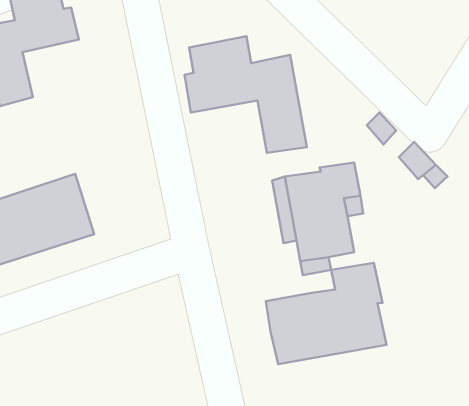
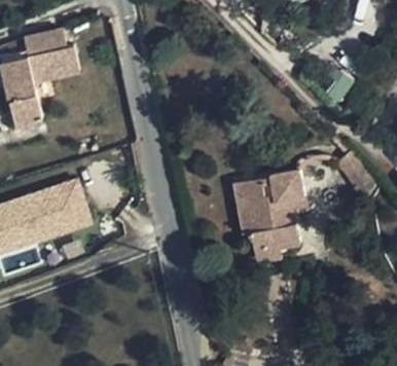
building: [185,36,307,153] -> none
building: [266,263,387,364] -> none

